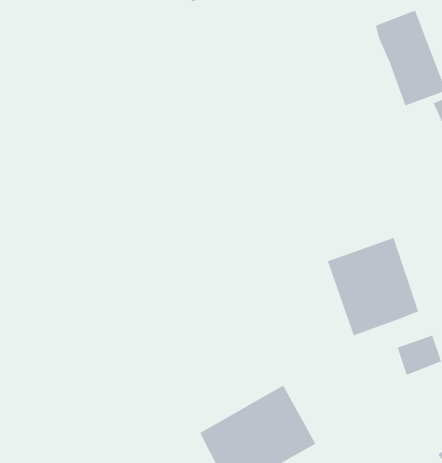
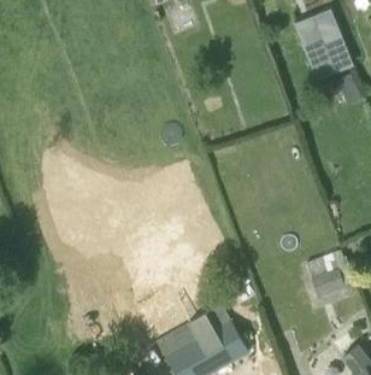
building: [327,237,419,336] -> none

